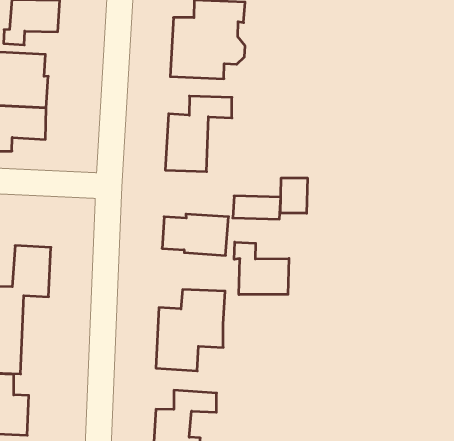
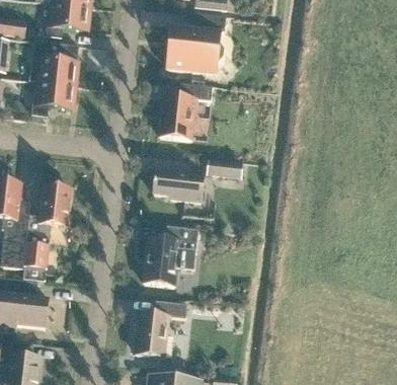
building: [280,178,307,213] -> none
building: [234,242,289,295] -> none

